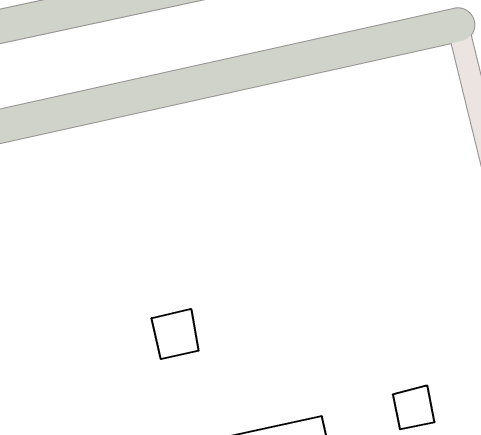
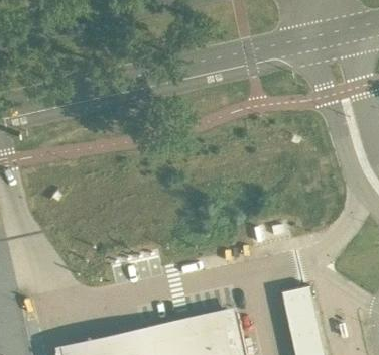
building: [152,309,199,359] -> none

